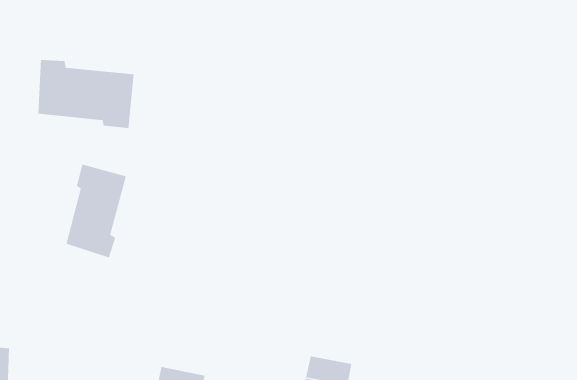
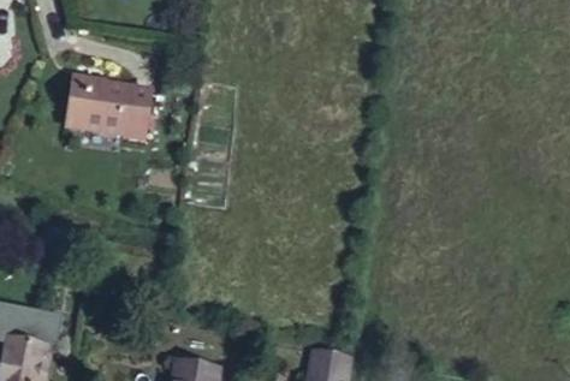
building: [66,164,127,259] -> none

